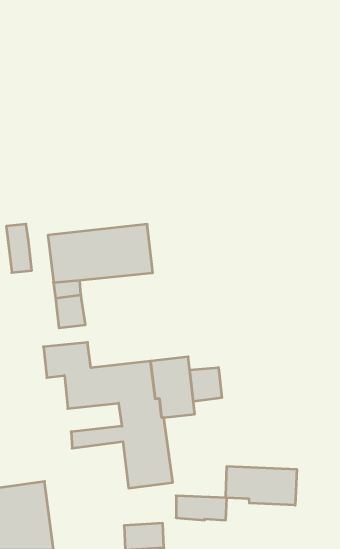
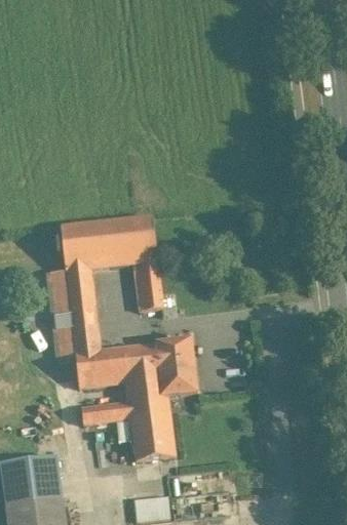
building: [6,224,32,273] -> [47,269,71,314]
building: none -> [140,260,163,309]
building: [190,367,222,401] -> none
building: [226,466,297,505] -> none

